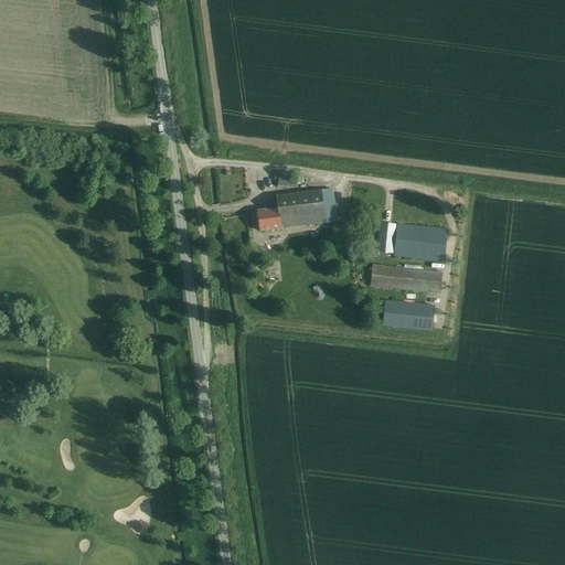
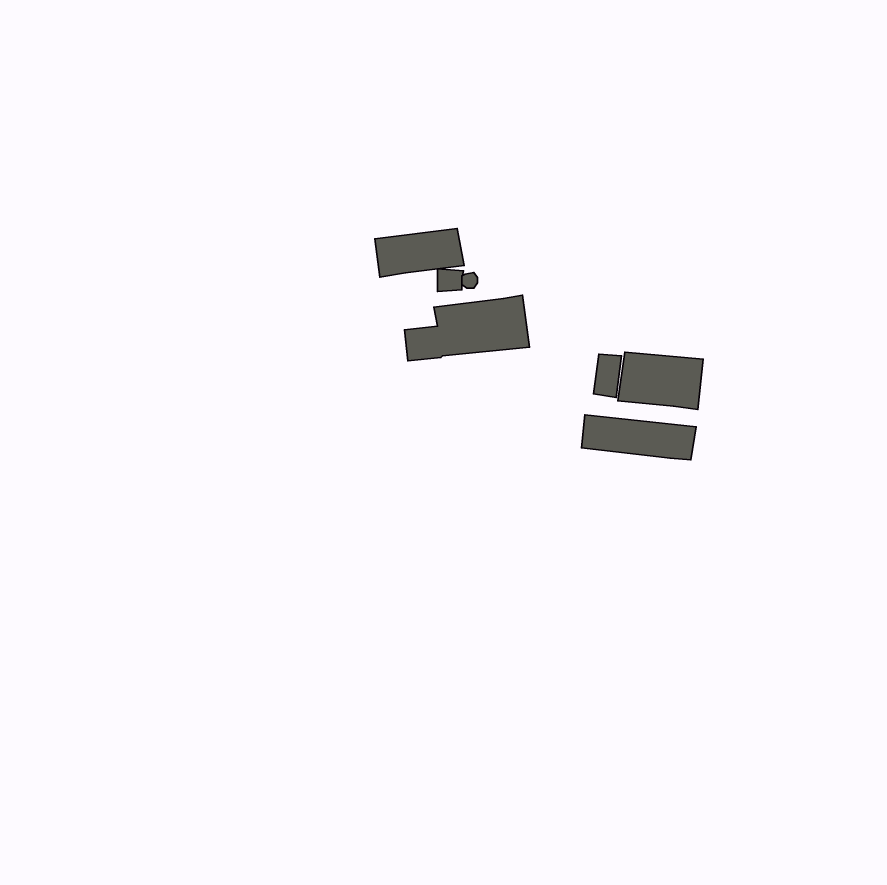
building: none -> [375,229,464,277]
building: [383,299,434,330] -> none

